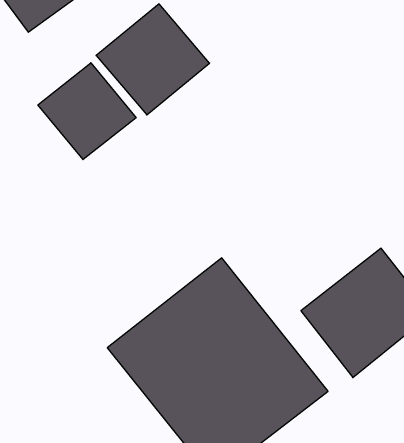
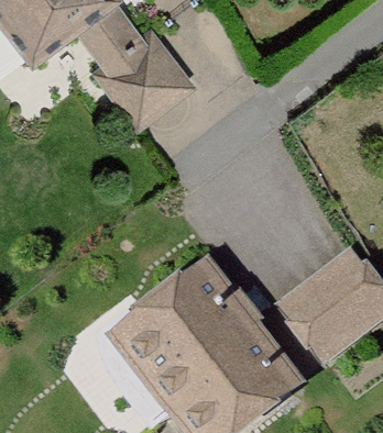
building: [38,63,136,160] -> none

